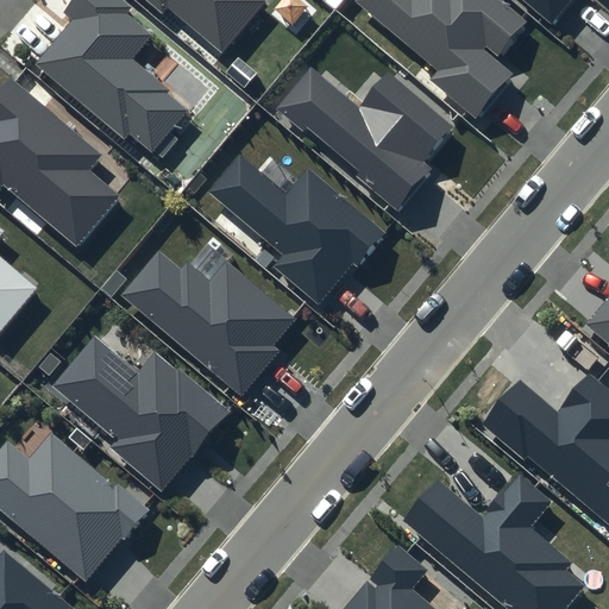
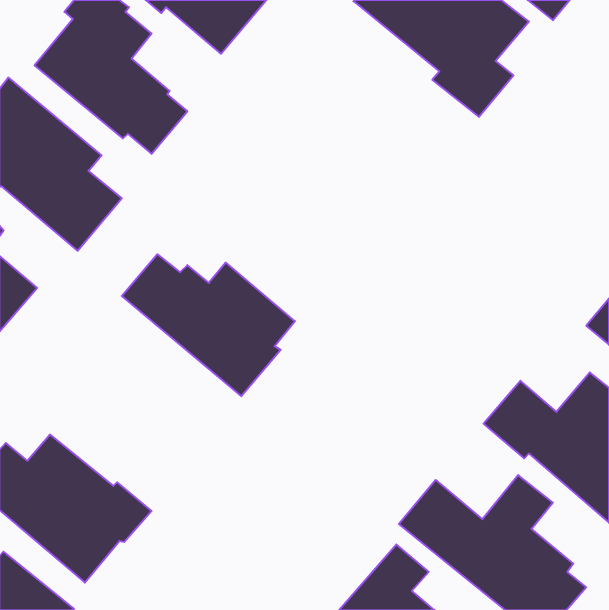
building: [271,62,456,211] -> none
building: [207,155,385,303] -> none
building: [51,335,225,489] -> none

